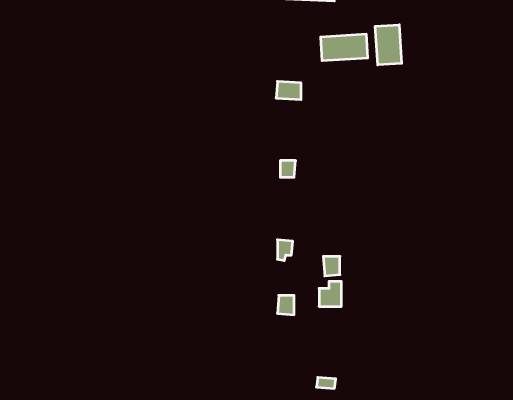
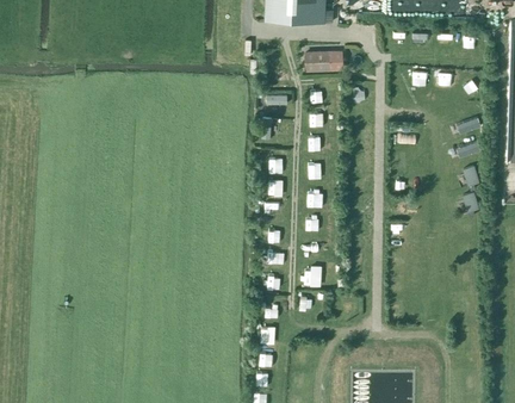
building: [375,25,402,65] -> none

